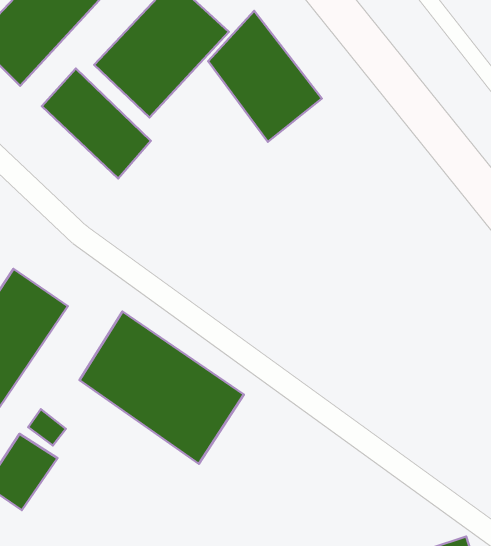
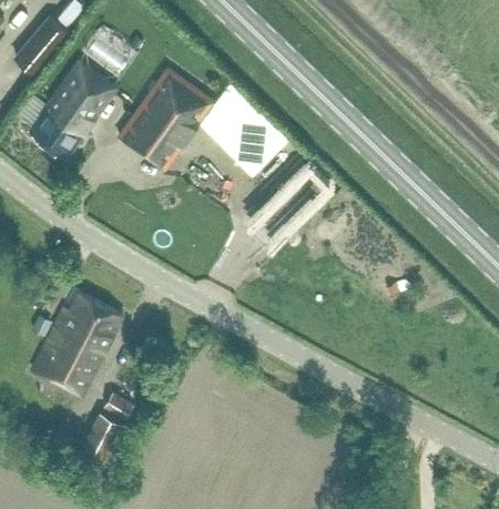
building: [42,68,151,179] -> none
building: [79,312,244,464] -> none

